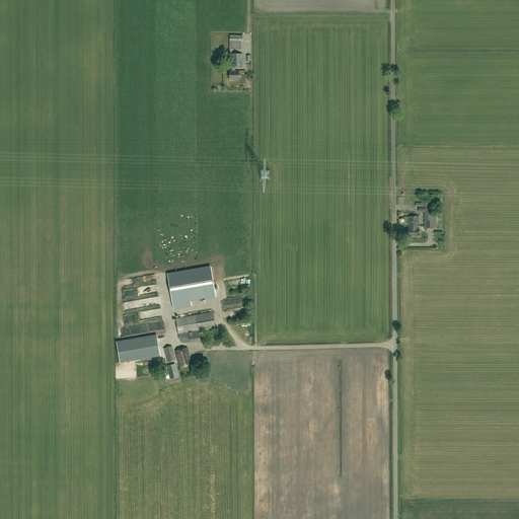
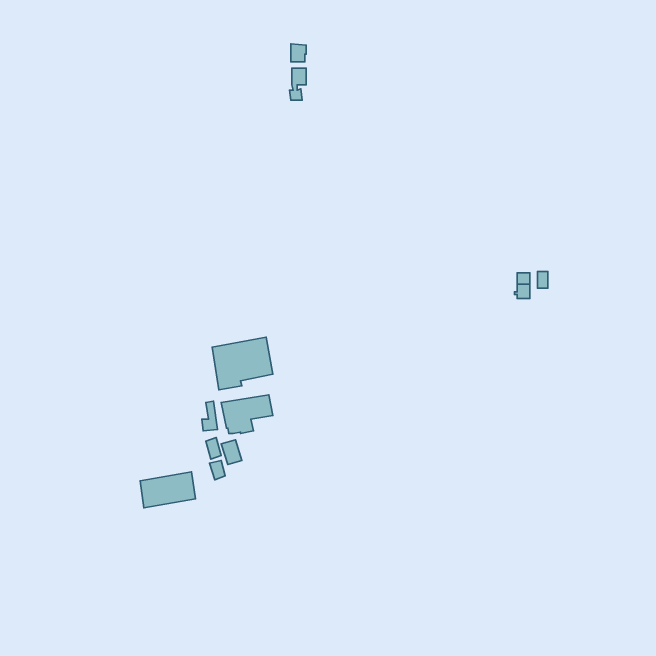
building: [116,333,159,362] -> [140,472,195,508]

